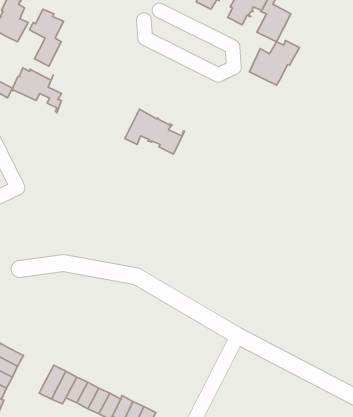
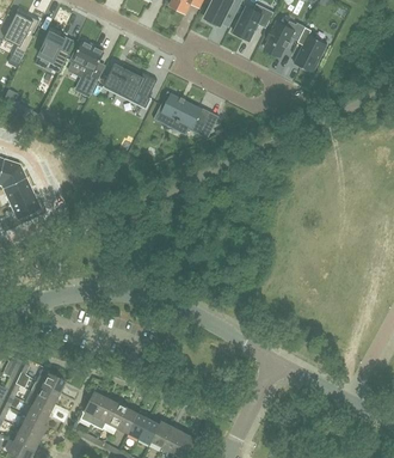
building: [250,40,299,85] -> none
building: [12,68,62,113] -> [103,66,152,110]
building: [125,109,184,154] -> [153,91,211,135]

